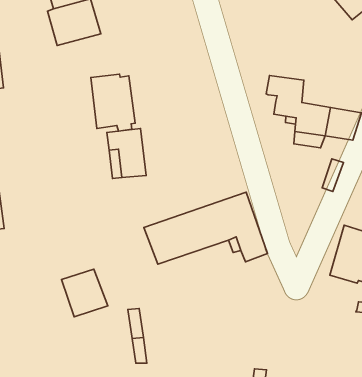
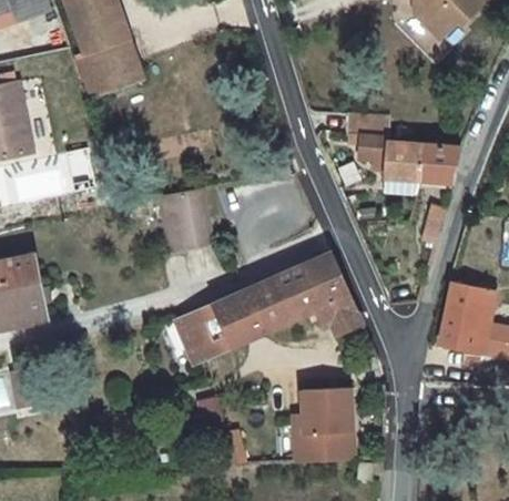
building: [91,74,135,131] -> none
building: [62,269,108,317] -> [175,305,233,364]
building: none -> [291,386,359,462]

